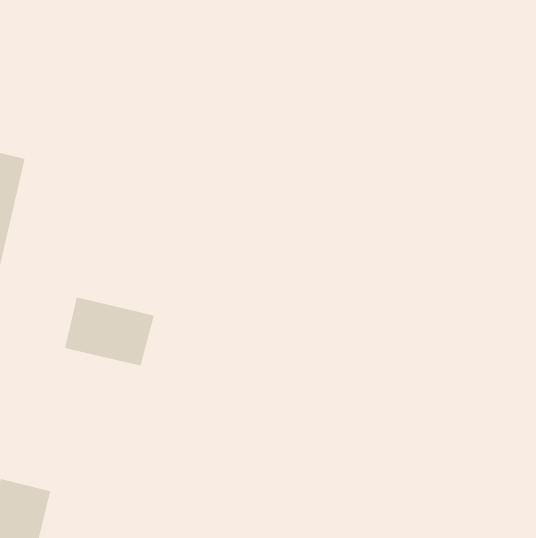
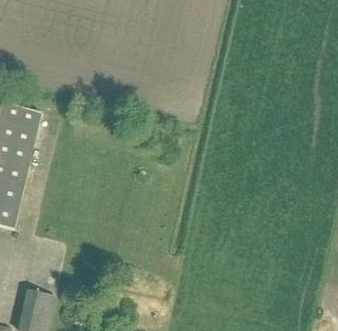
building: [64,296,155,367] -> none

